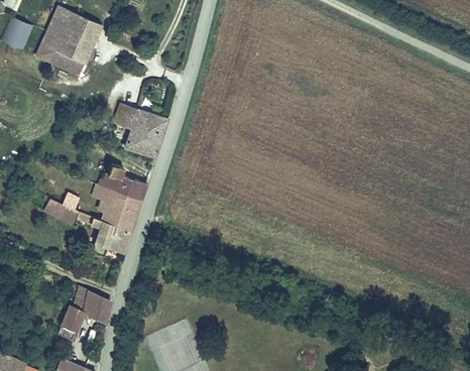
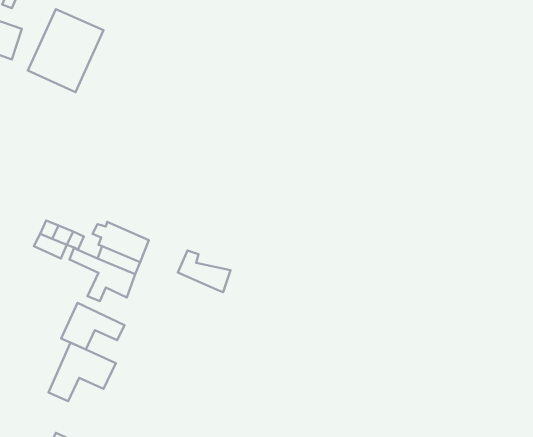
building: [112,106,163,158] -> none
building: [104,165,147,200] -> [178,251,230,292]
building: none -> [61,303,124,349]

